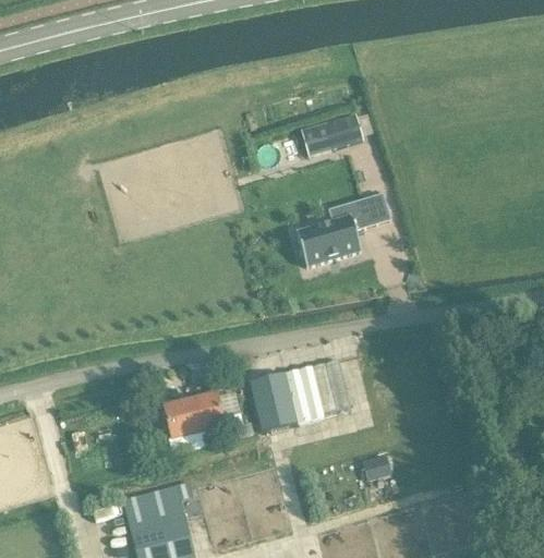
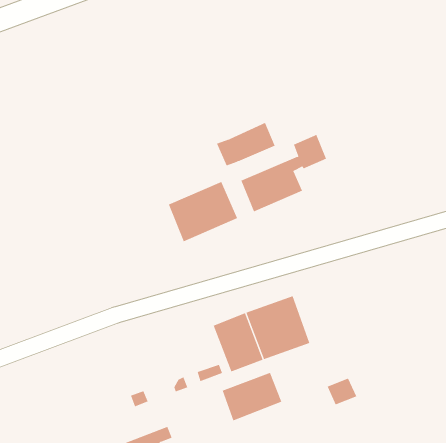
building: [301,112,363,154] -> [216,122,276,166]
building: none -> [168,181,238,242]
building: [164,390,226,437] -> [222,372,282,421]

